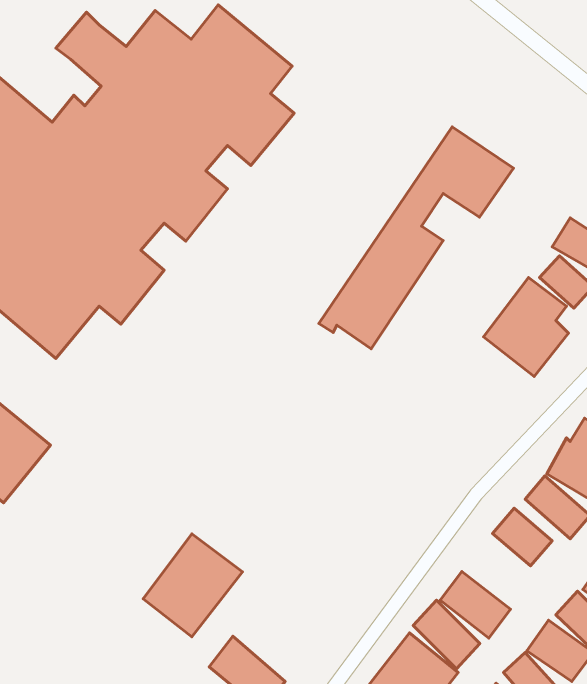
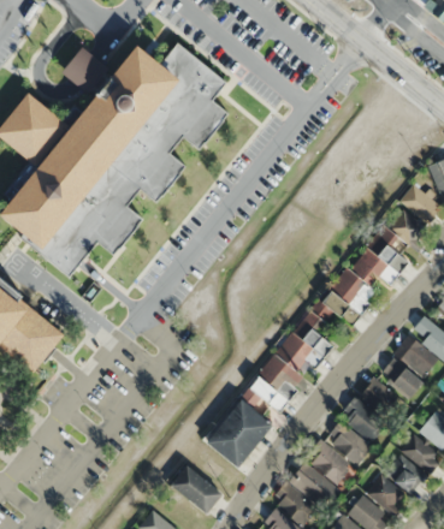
building: [319,127,514,349] -> [248,265,378,412]
building: [143,534,242,637] -> [208,398,274,466]
building: none -> [339,397,386,441]

